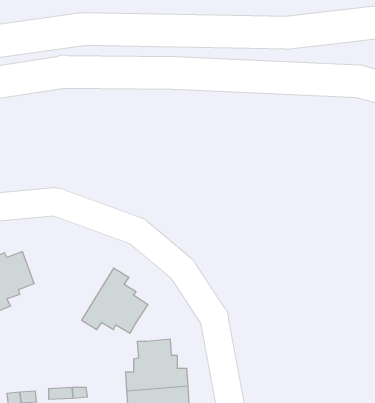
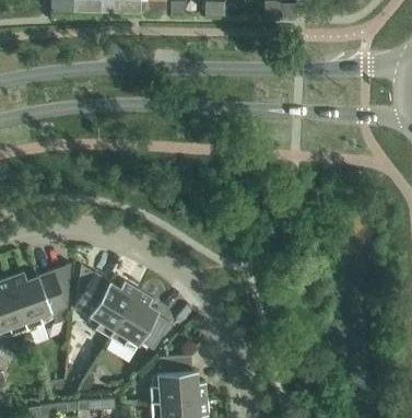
building: none -> [74,266,138,339]

